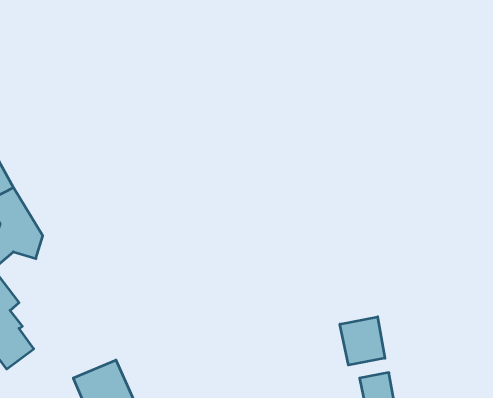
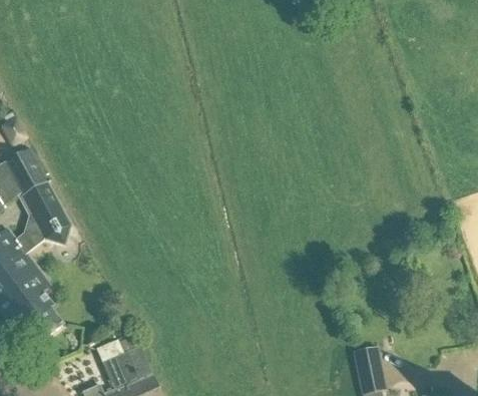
building: [340,317,385,365] -> none

